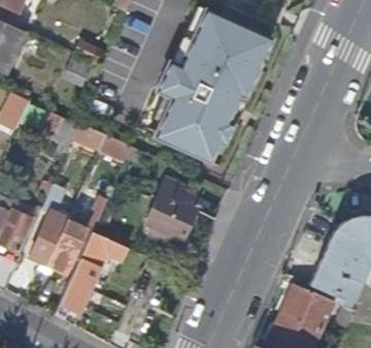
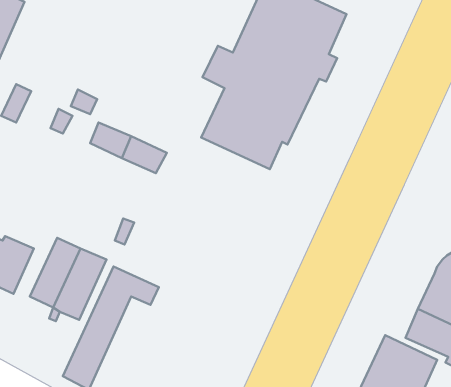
building: [146,178,196,239] -> none

